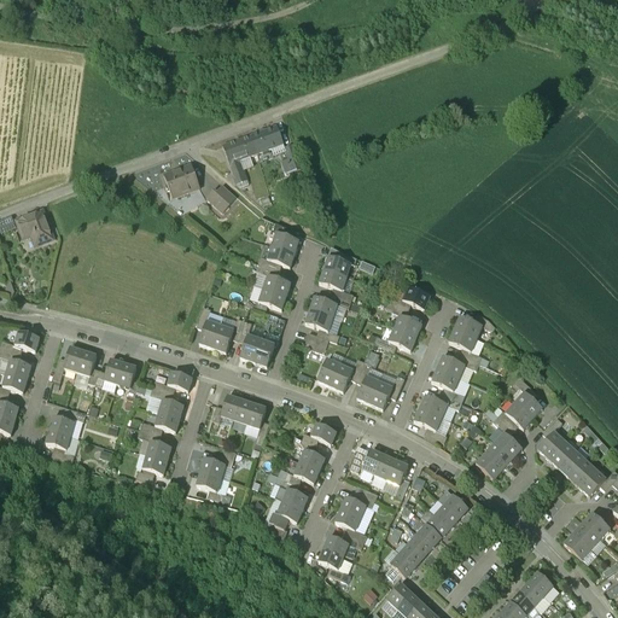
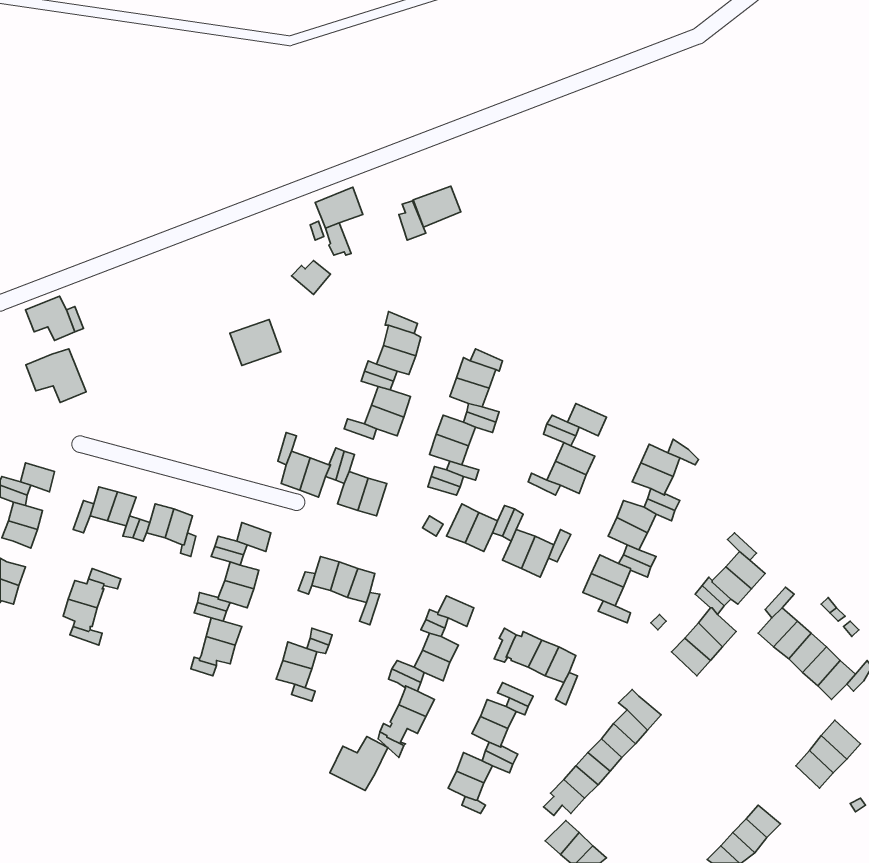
building: [251,123,285,152] -> [413,186,461,227]
building: [165,163,202,196] -> [230,319,281,365]
building: none -> [26,349,86,403]
building: none -> [330,737,388,791]

